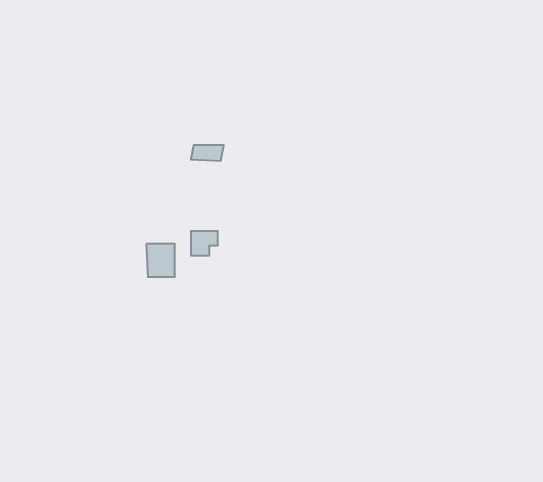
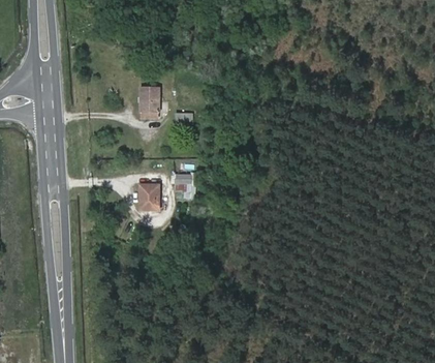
building: none -> [136,87,154,111]

